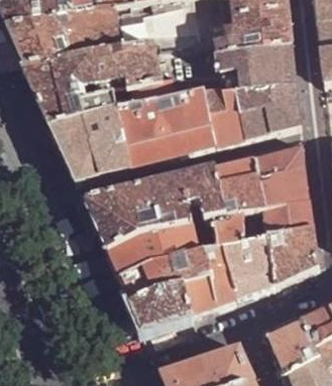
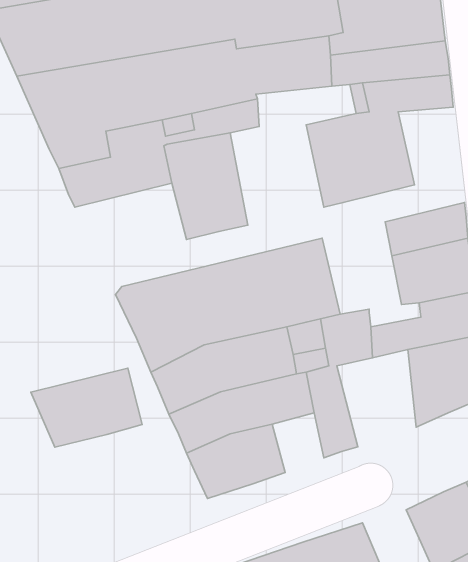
building: [262,84,302,132] -> none
building: [157,91,216,157] -> none
building: [61,131,130,180] -> [31,368,142,447]
building: [215,155,265,213] -> none
building: [224,235,273,295] -> none
building: [184,274,216,311] -> none

